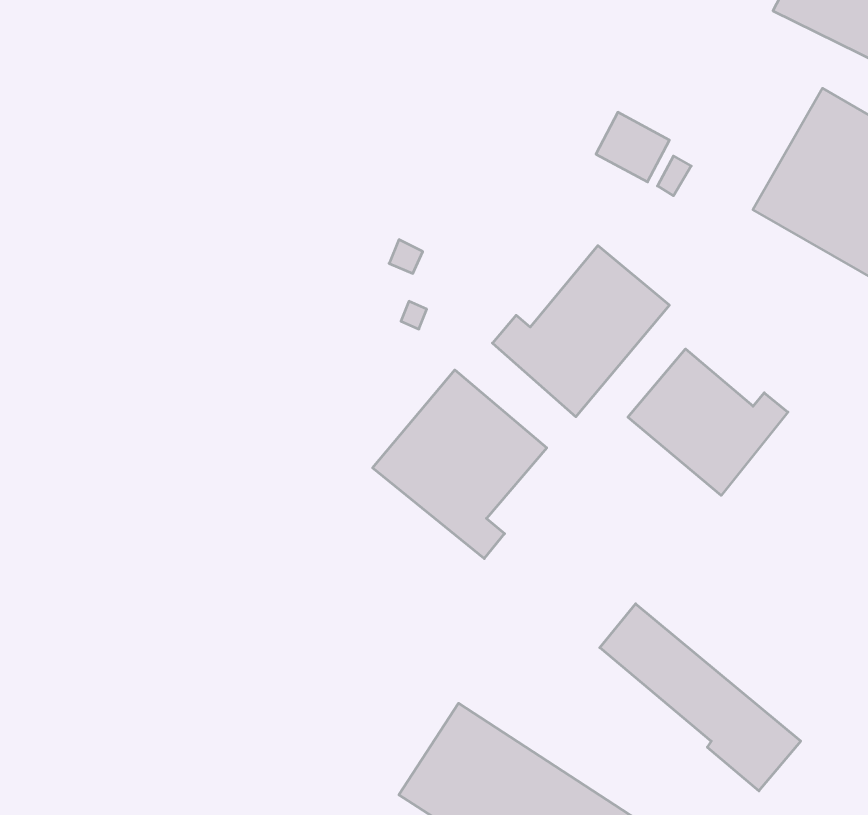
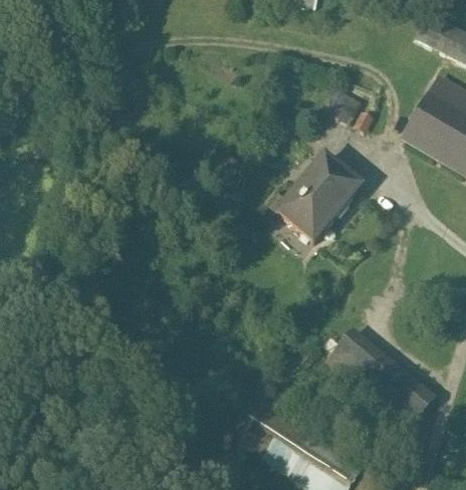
building: [628,349,788,495] -> none
building: [373,370,547,559] -> none

